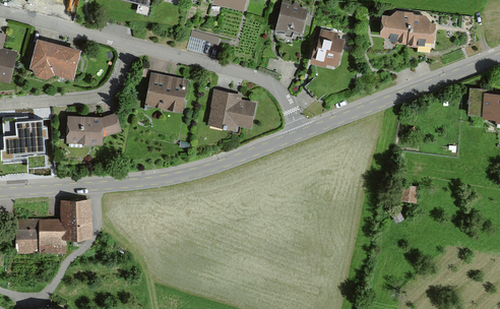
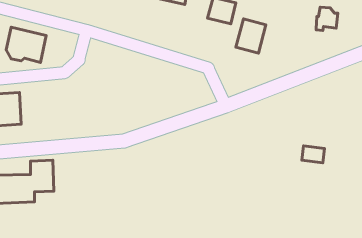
building: [379,10,412,41] -> none
building: [145,73,188,112] -> none
building: [207,90,256,131] -> none
building: [67,113,122,144] -> none

